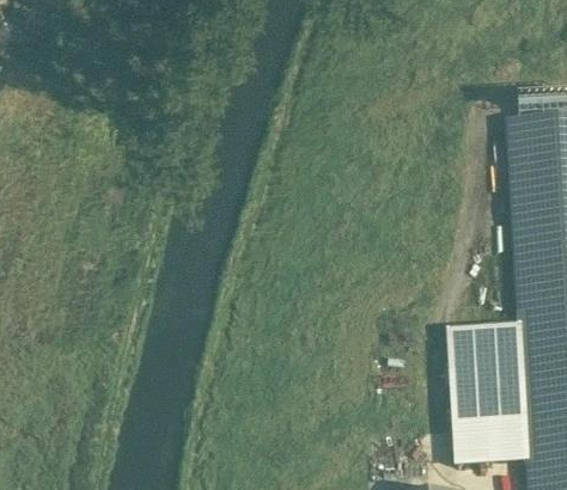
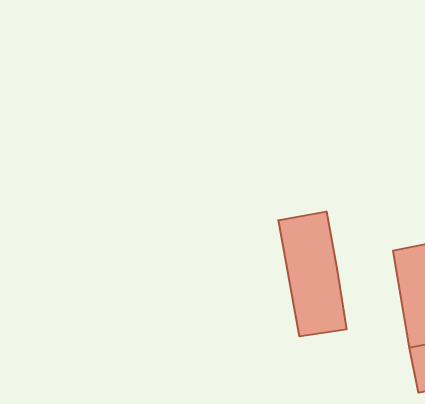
building: none -> [278,211,347,336]

